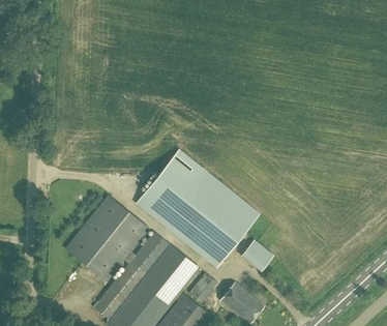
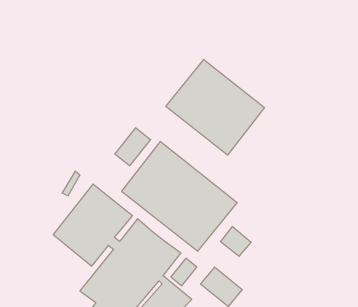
building: none -> [166,59,264,155]
building: none -> [115,128,151,166]

